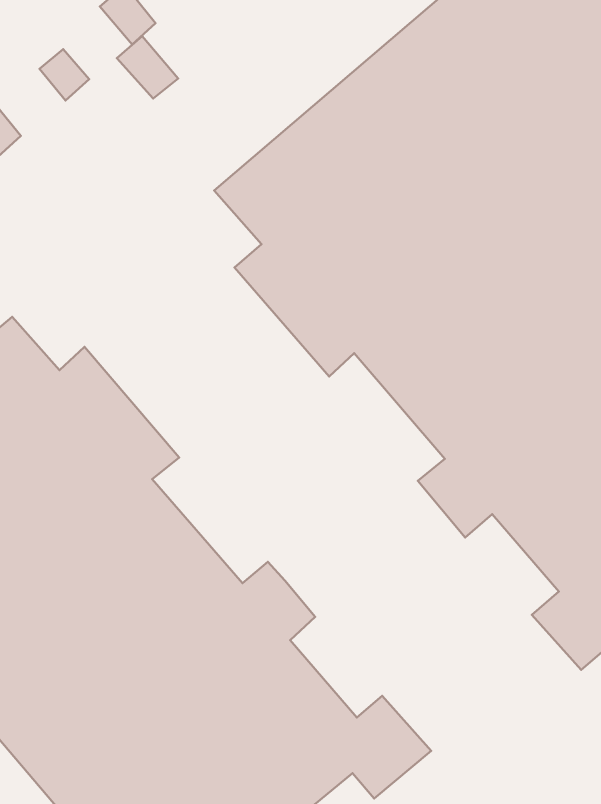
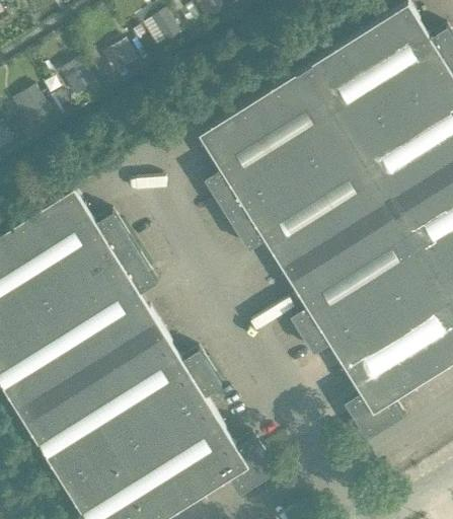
building: [117,36,178,98] -> none

